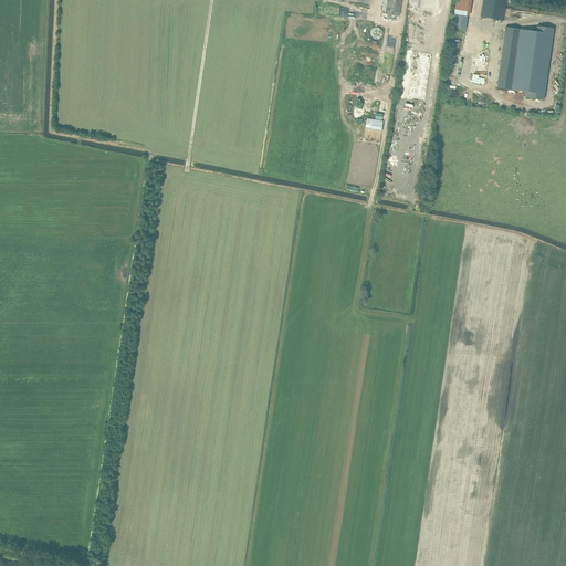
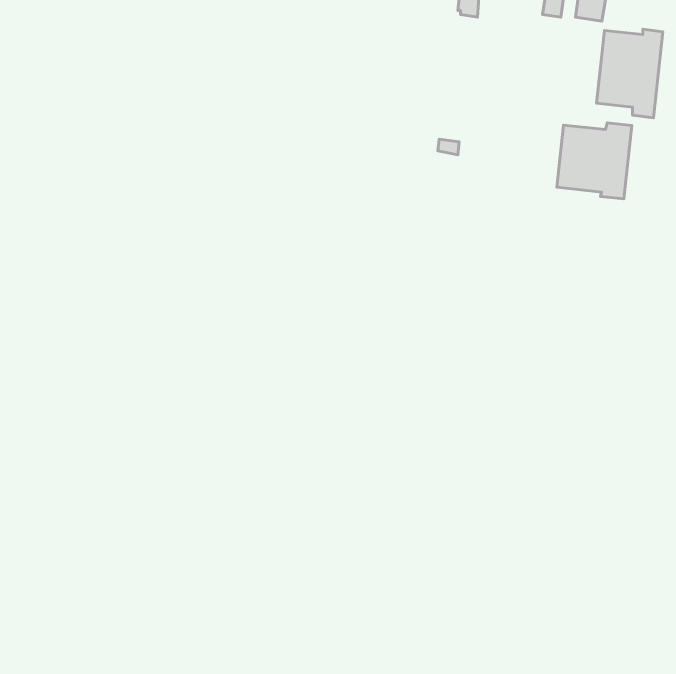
building: none -> [557,123,632,199]

